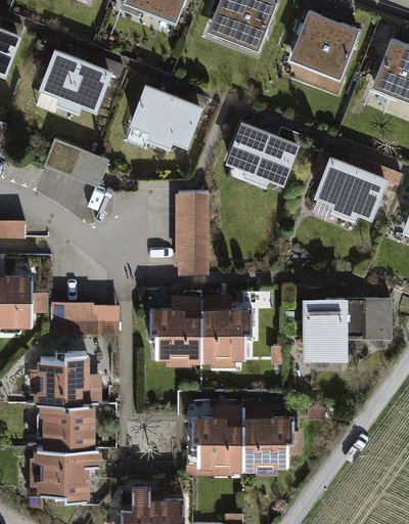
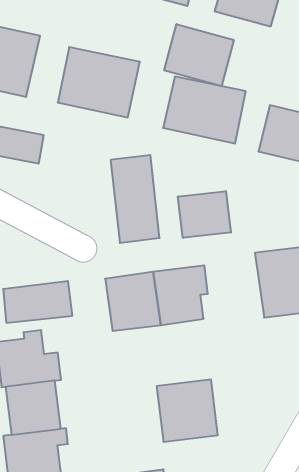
building: none -> [164,24,234,86]
building: none -> [178,191,231,238]
building: [240,416,291,465] -> none

